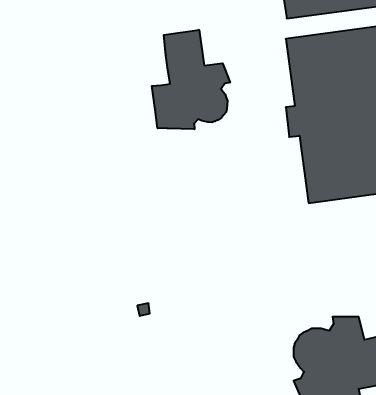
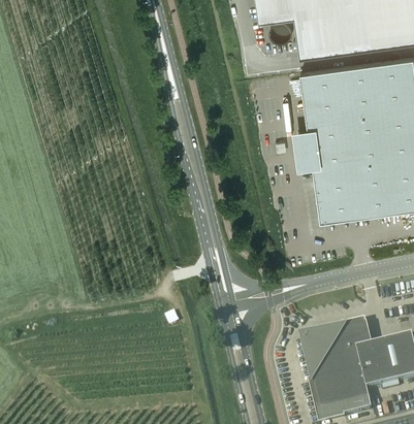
building: [152,30,230,129] -> none

